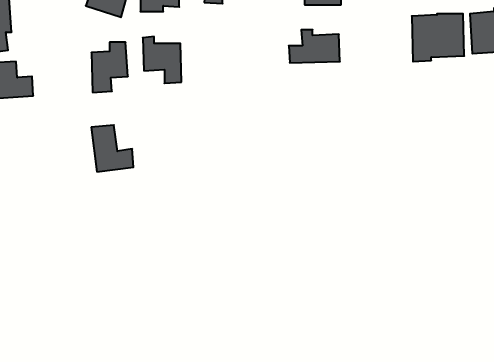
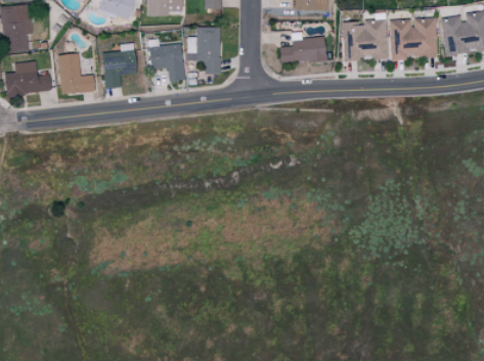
building: none -> [344,18,389,59]
building: none -> [187,26,221,74]
building: [91,125,133,172] -> [57,52,95,94]

